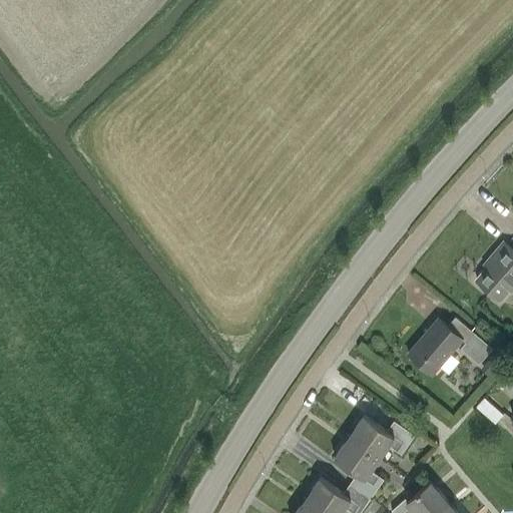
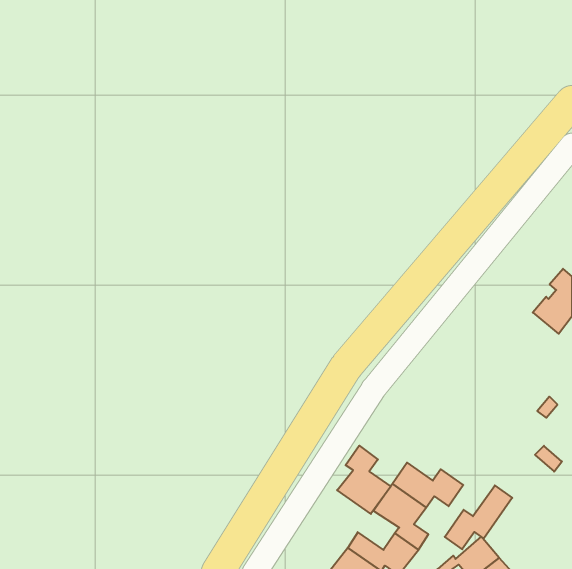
building: [407,319,492,376] -> none
building: none -> [337,446,391,514]
building: none -> [445,485,512,549]

